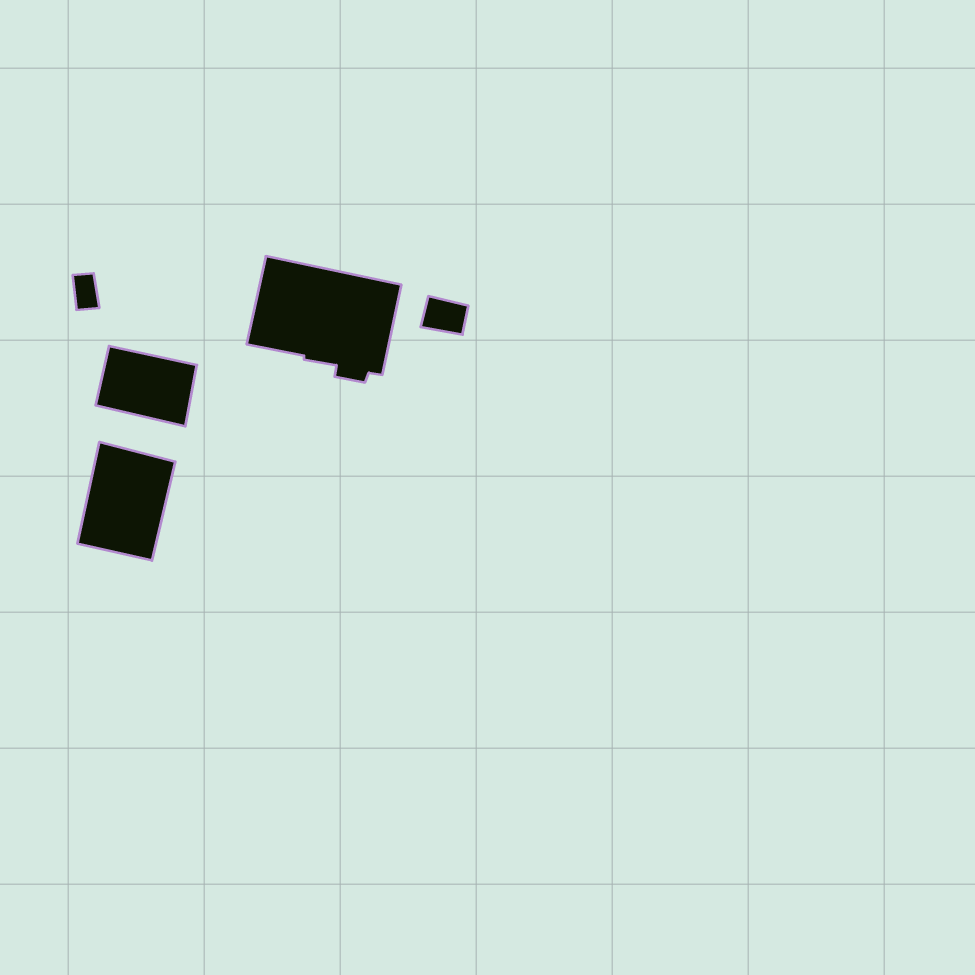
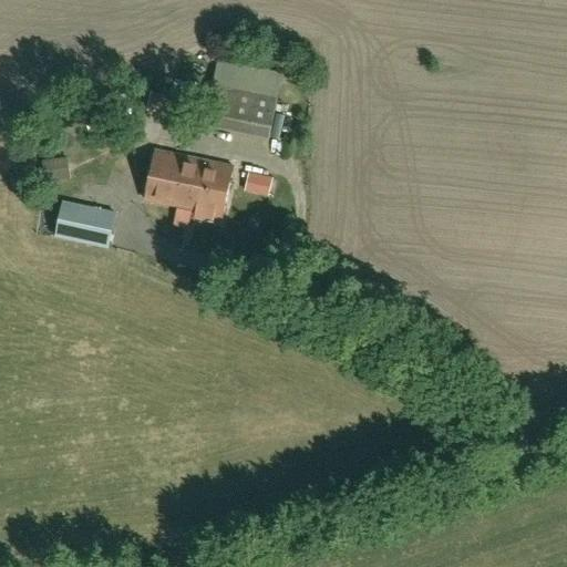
building: none -> [203,60,282,137]
building: [78,442,175,561] -> none

